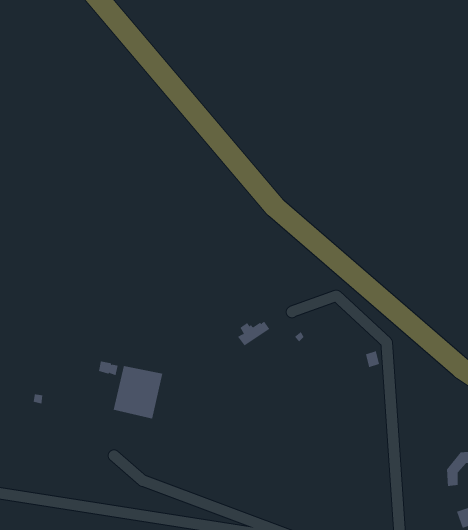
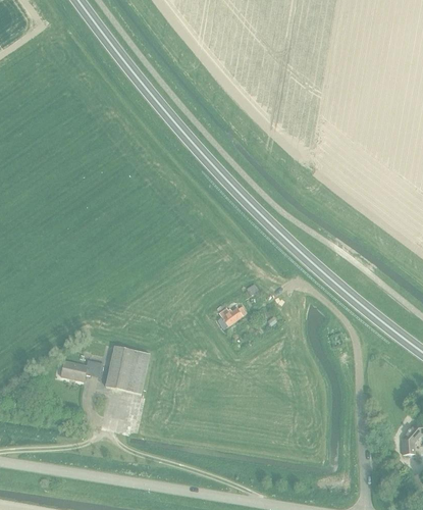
building: none -> [60,359,93,380]

